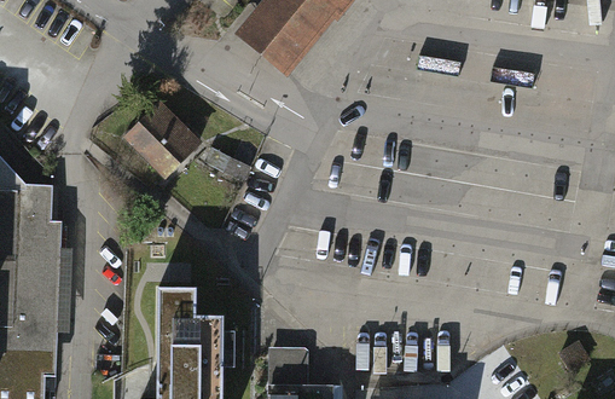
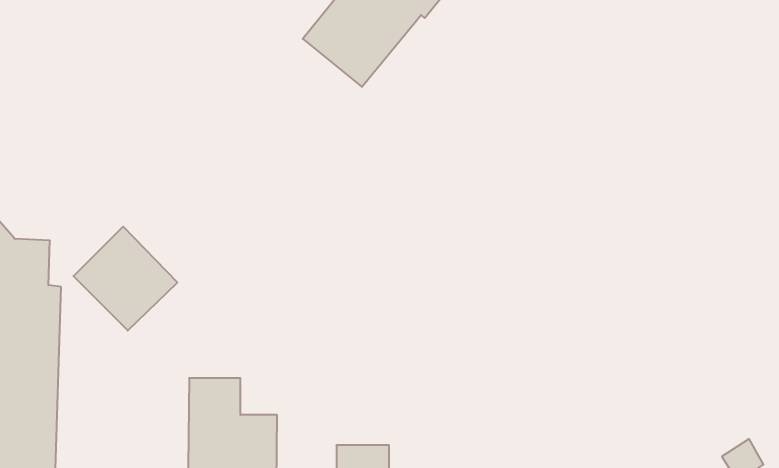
building: [123,102,202,180] -> [73,227,177,331]

